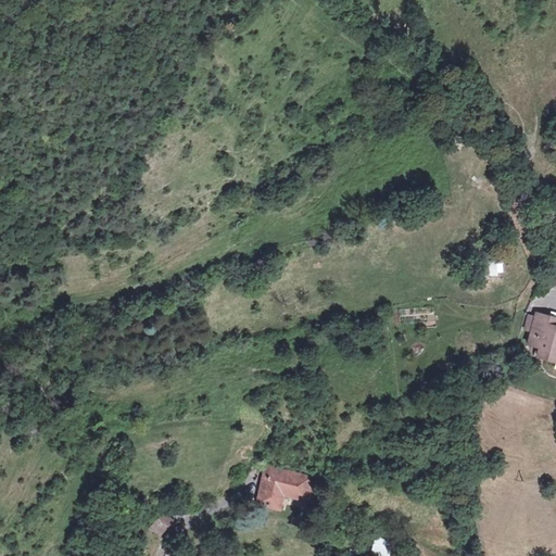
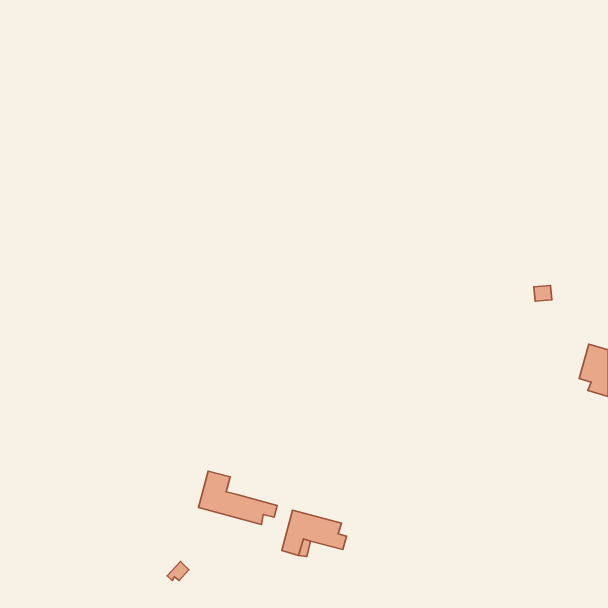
building: none -> [198,471,277,525]

